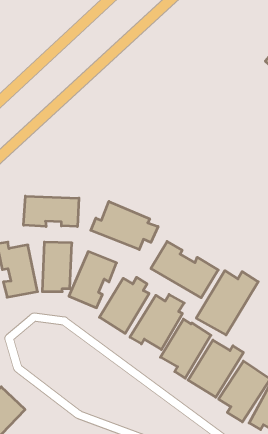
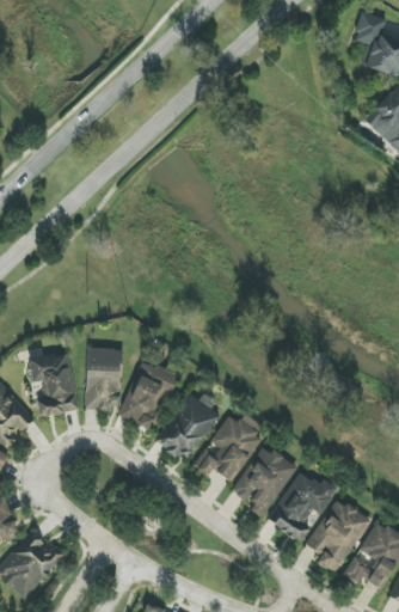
building: [24,196,79,227] -> none
building: [91,201,158,250] -> none
building: [151,241,218,298] -> none
building: [196,271,258,335] -> none

